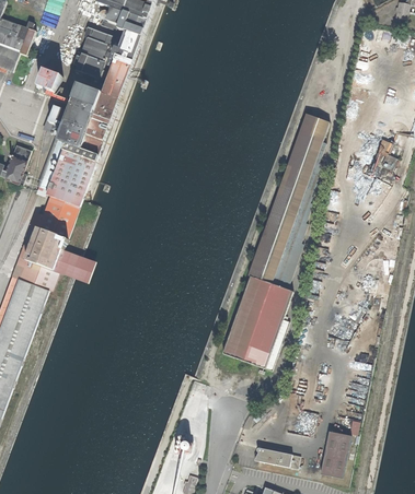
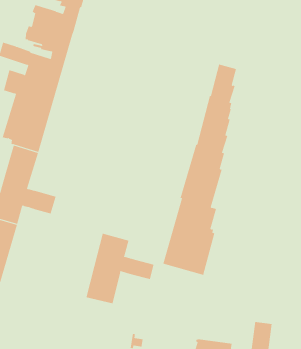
building: none -> [86,233,154,304]

